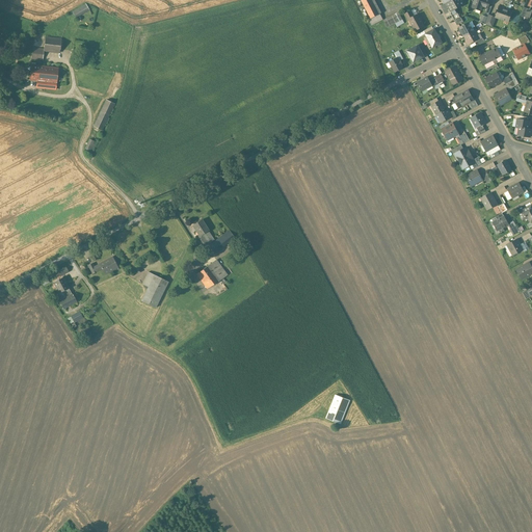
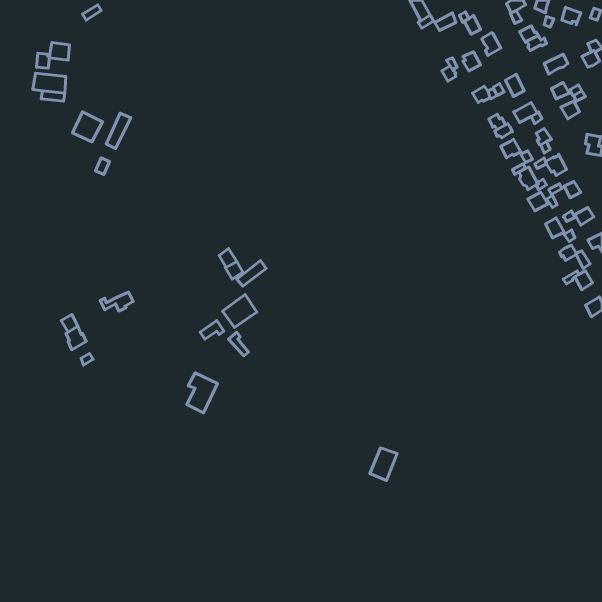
building: none -> [73,112,102,142]
building: [141,272,168,308] -> [187,373,218,413]

